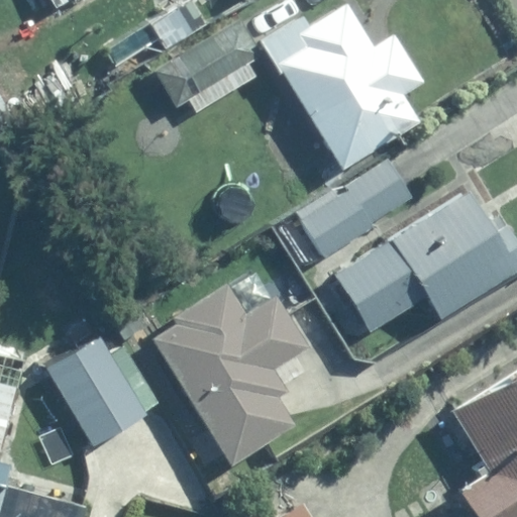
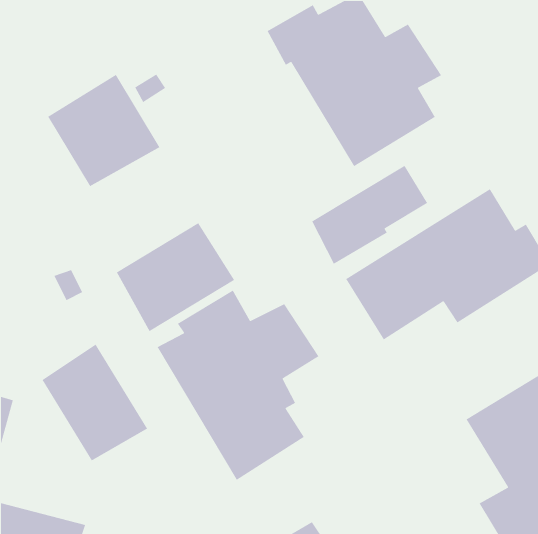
building: [157,19,264,114] -> none
building: none -> [47,74,161,187]
building: none -> [116,222,235,332]

